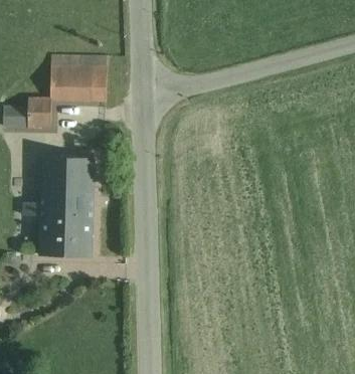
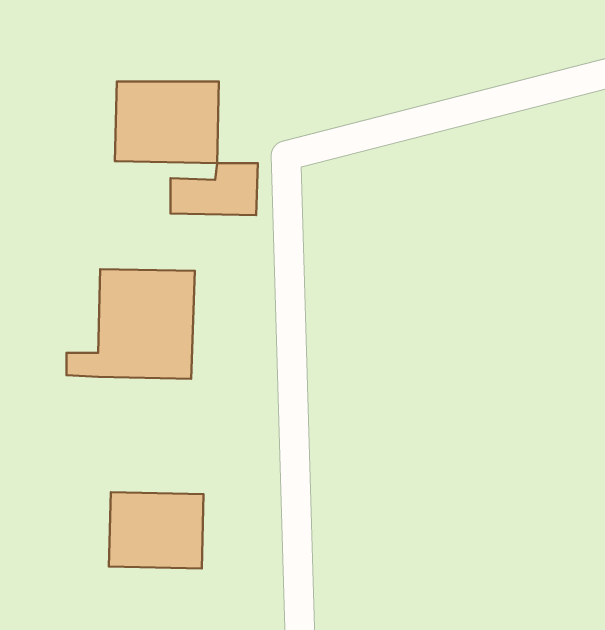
building: [17,100,64,128] -> [171,163,258,215]
building: [53,216,105,257] -> [109,492,204,568]

